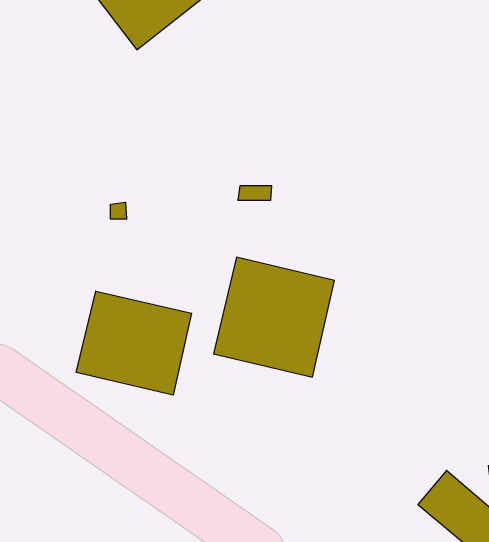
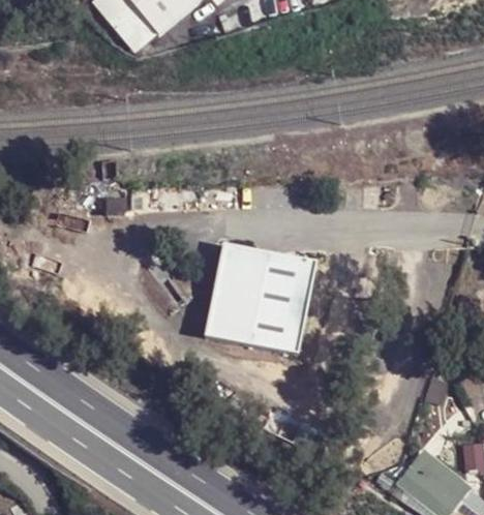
building: [76,291,192,395] -> none

